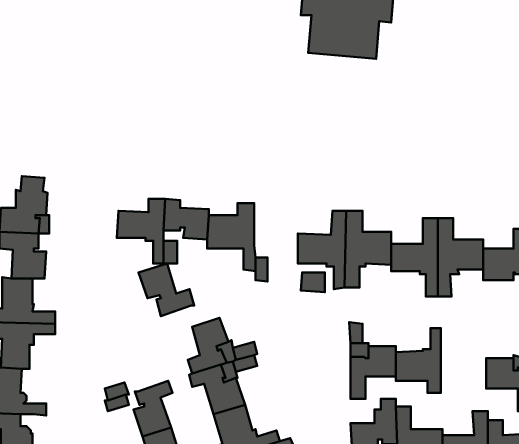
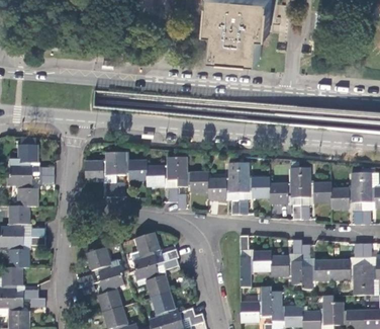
building: none -> [177,156,206,191]
building: [138,263,194,316] -> [84,247,121,282]
building: none -> [302,245,333,290]

